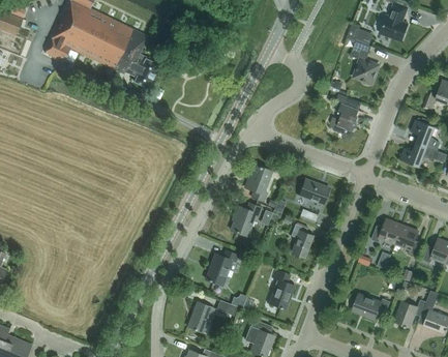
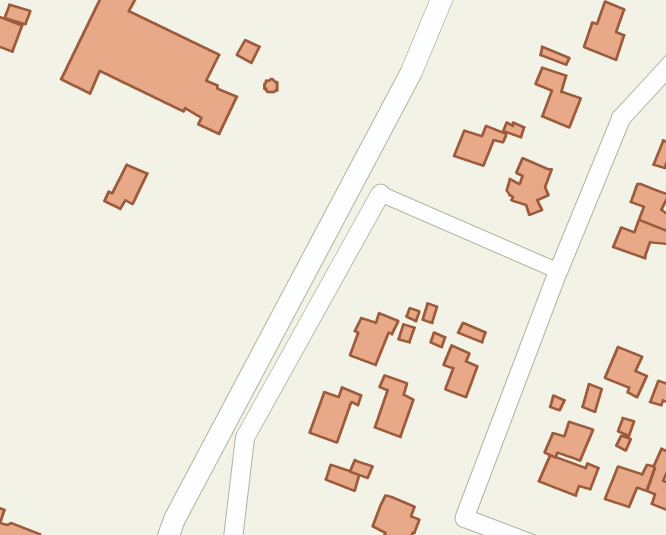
building: none -> [454,126,506,166]
building: none -> [104,165,147,209]
building: [244,165,272,202] -> none
building: [299,179,329,209] -> none
building: [371,219,402,244] -> [545,422,593,461]
building: [269,270,294,309] -> [375,376,413,437]
building: [187,301,214,332] -> none

